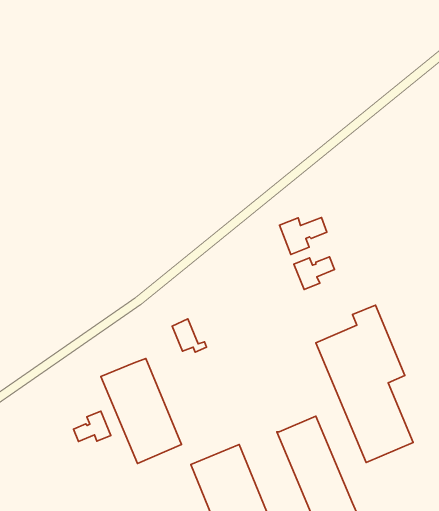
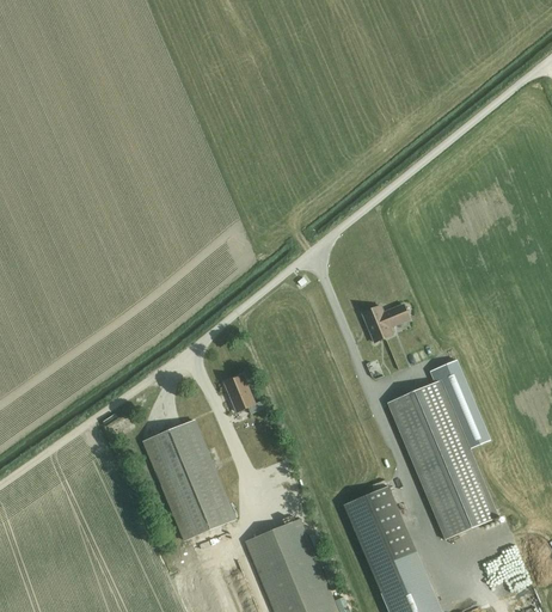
building: [280,217,327,254] -> none
building: [74,411,111,441] -> none

